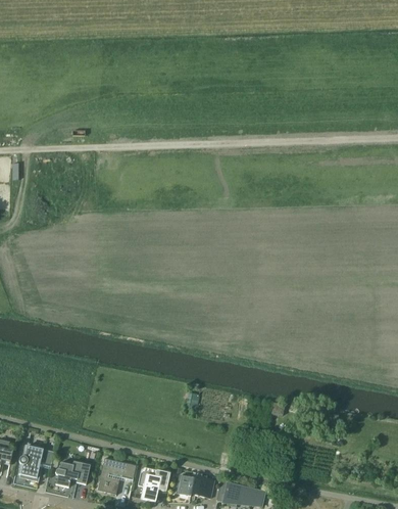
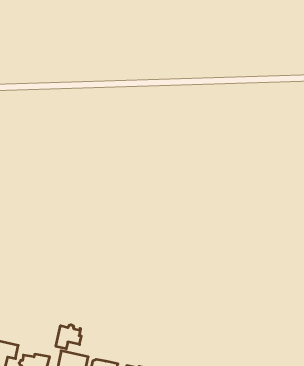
building: none -> [56,325,81,349]

